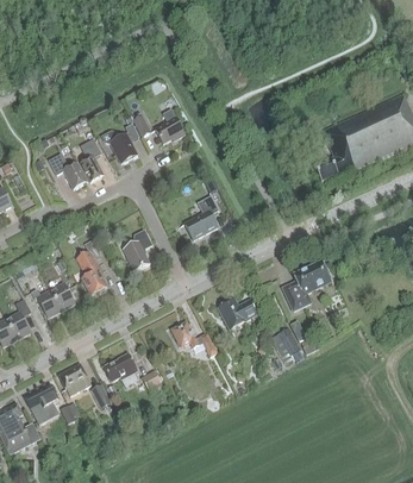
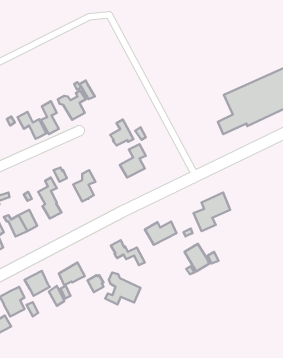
building: [155,108,186,143] -> [110,119,134,145]
building: none -> [105,272,141,304]

